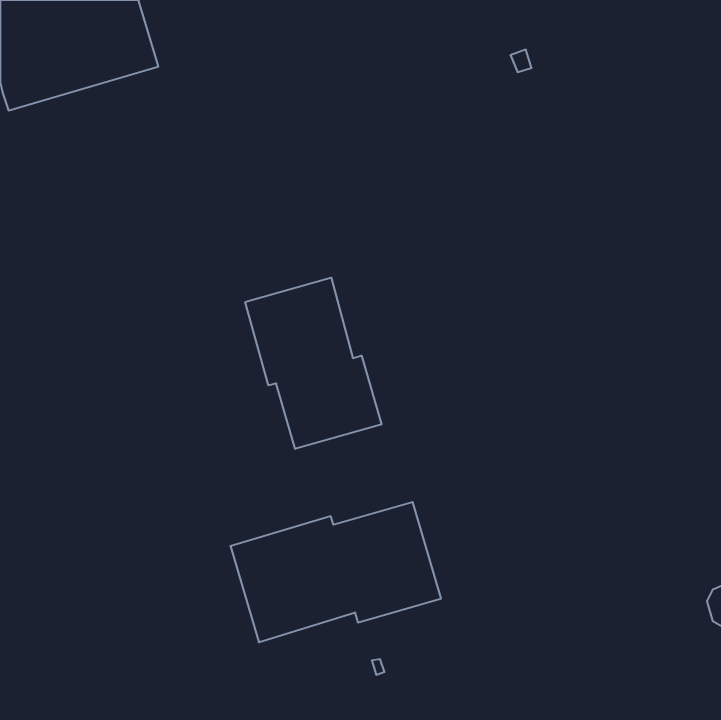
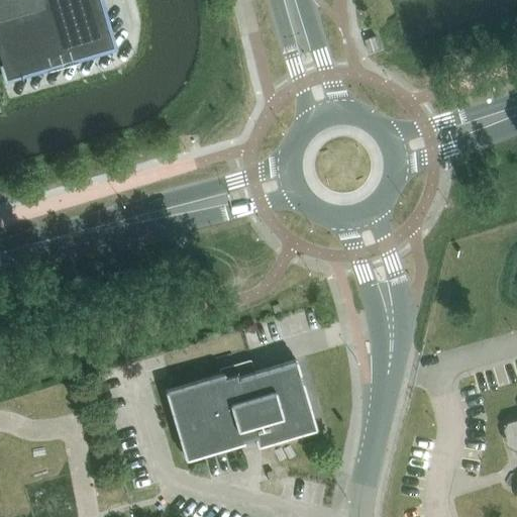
building: [245,278,381,449] -> none

